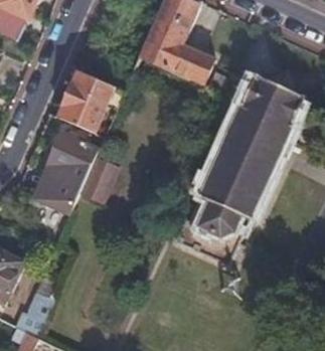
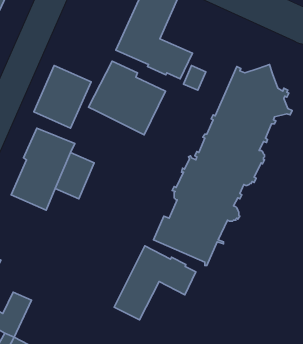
building: none -> [89,61,165,135]
building: none -> [114,246,196,320]

